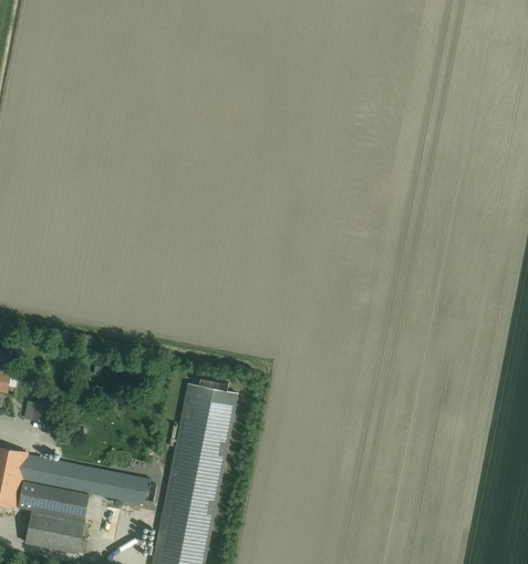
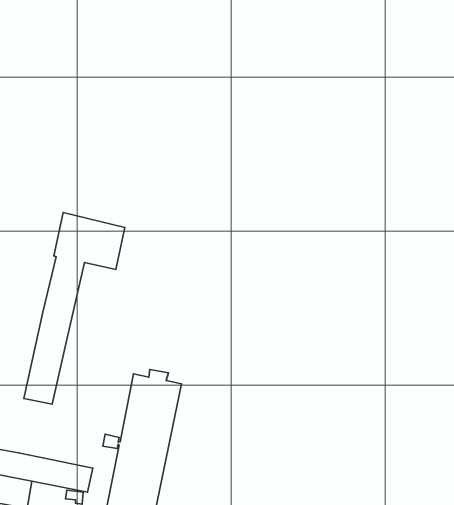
building: none -> [24,213,125,404]

